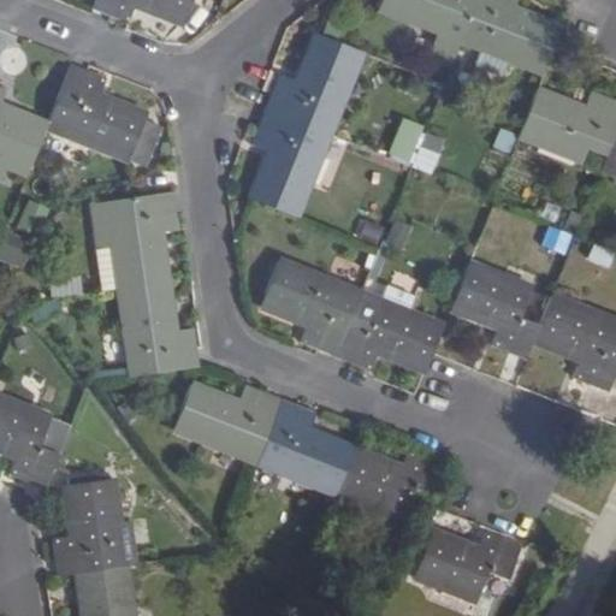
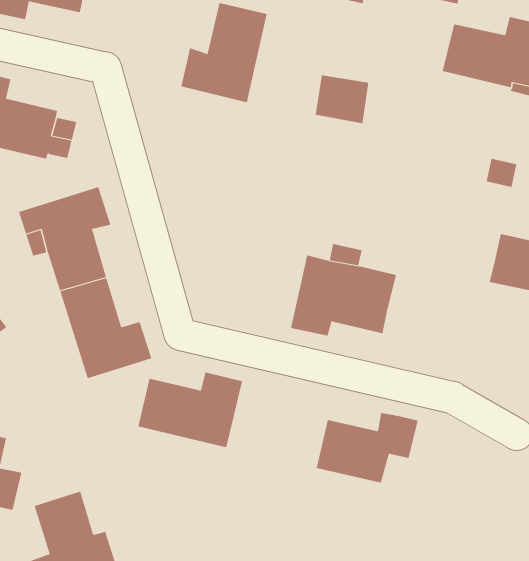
building: [251,109,328,217] -> none
building: [259,256,362,356] -> none
building: [450,263,539,357] -> none
building: [257,399,357,493] -> none
building: [415,531,525,598] -> none

